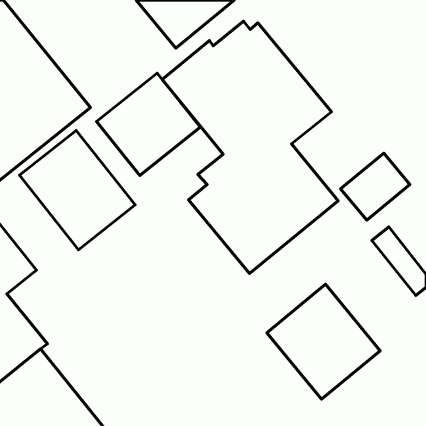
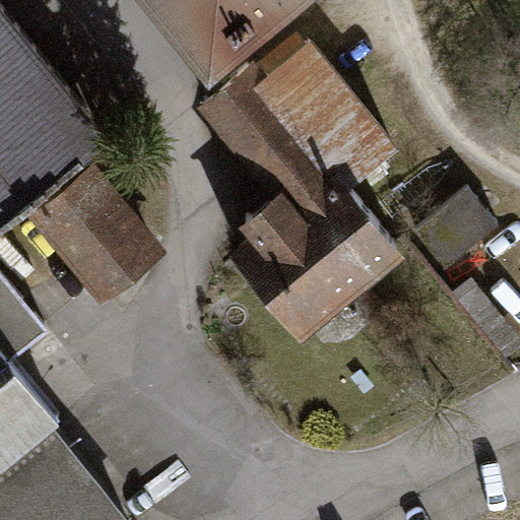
building: [96,73,200,176] -> none
building: [267,284,380,399] -> none

